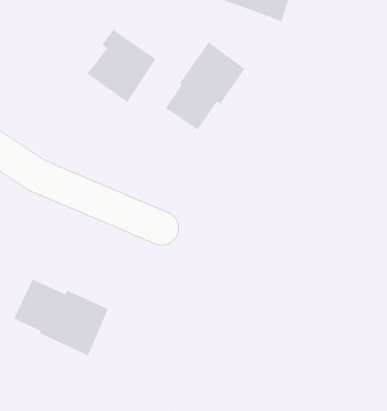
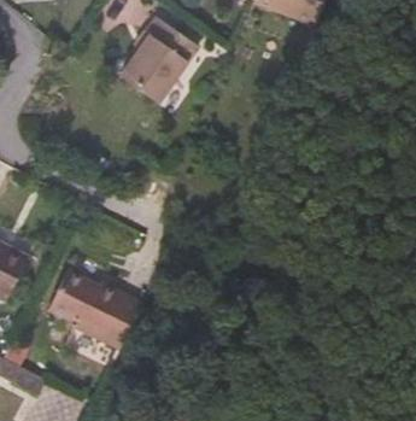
building: [165,41,246,131] -> none

